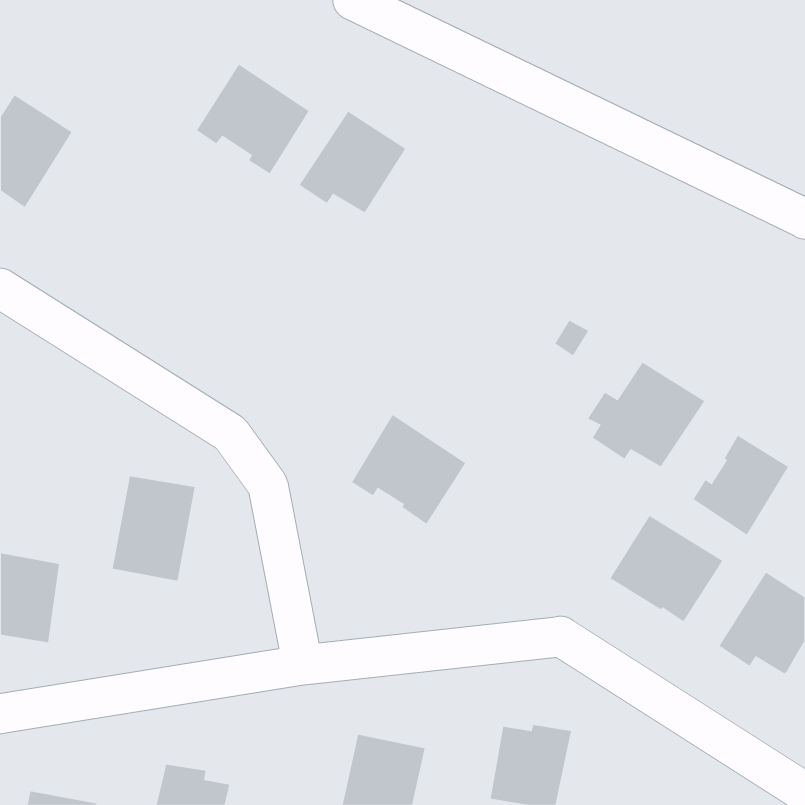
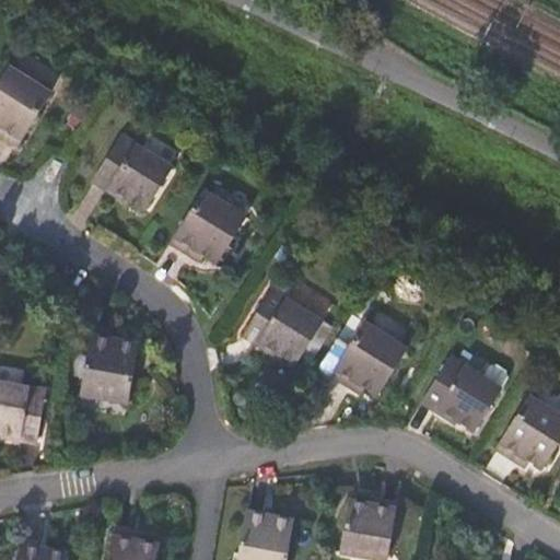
building: [196,64,310,174] -> [94,133,173,210]
building: [299,111,406,213] -> [170,191,244,262]
building: [587,362,705,467] -> [327,320,409,394]
building: [693,435,789,536] -> none

